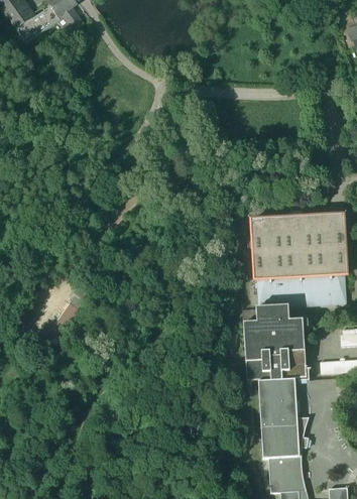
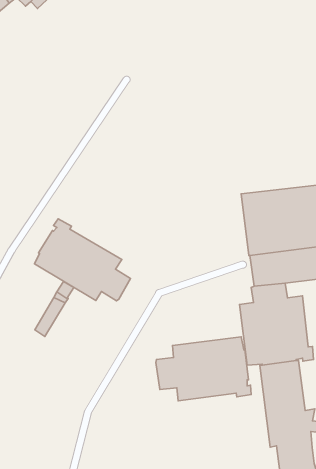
building: none -> [35,219,130,301]
building: none -> [156,337,251,401]

